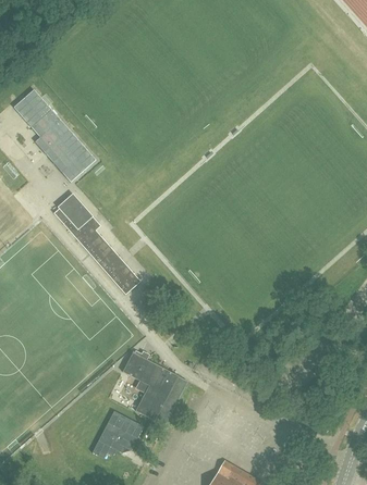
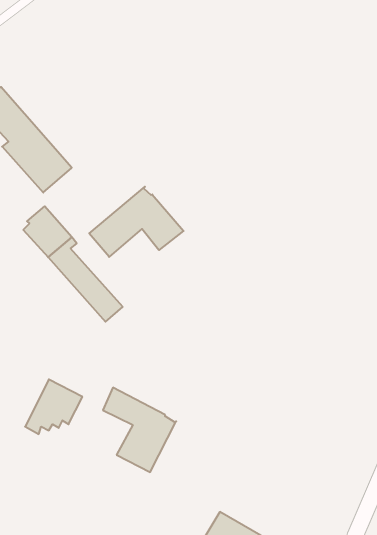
building: none -> [89,187,184,257]
building: [93,411,143,459] -> [25,379,82,434]

